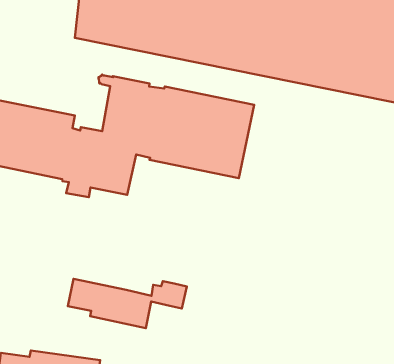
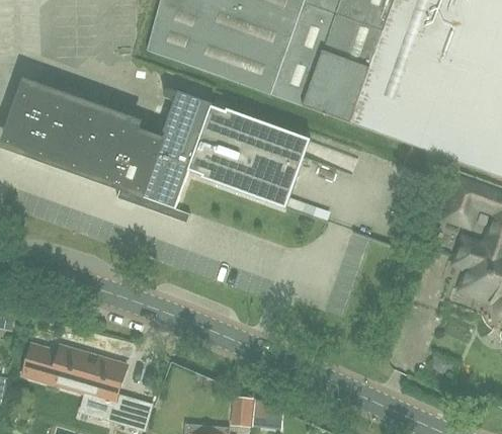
building: [68,279,187,328] -> none

